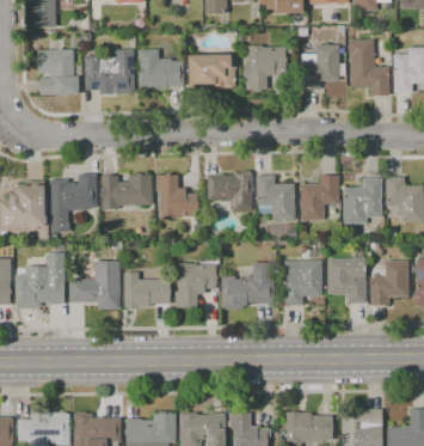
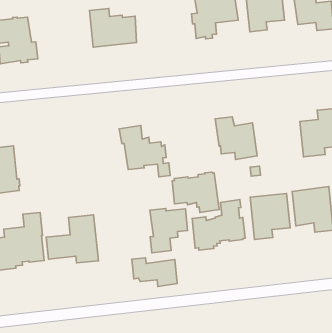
building: [84,47,135,93] -> none
building: [188,54,234,86] -> none
building: [207,170,252,210] -> [172,172,219,213]
building: [100,171,152,208] -> none
building: [49,173,96,232] -> none
building: [300,175,338,219] -> none
building: [124,271,168,303] -> [132,258,177,287]

